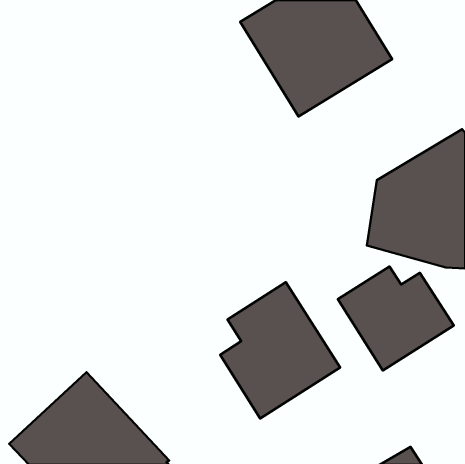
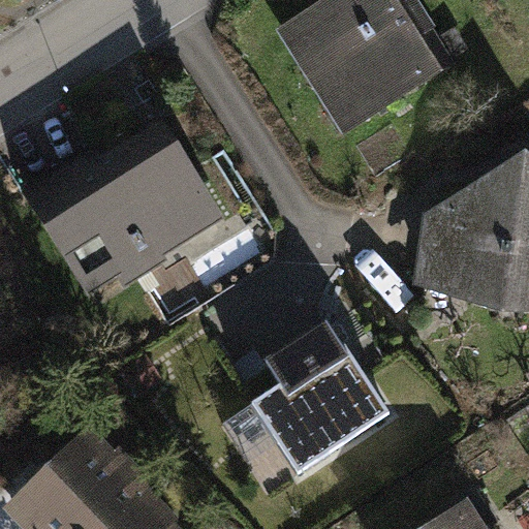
building: none -> [30,115,234,299]
building: [338,267,454,370] -> none

